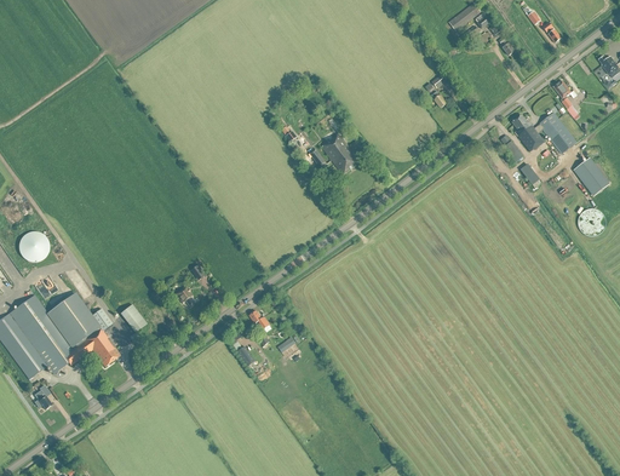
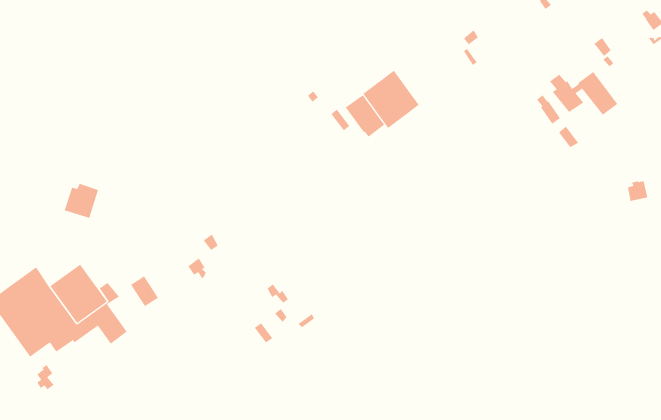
building: none -> [362,70,420,129]
building: [573,156,609,195] -> none
building: [18,229,51,262] -> [64,183,99,218]

